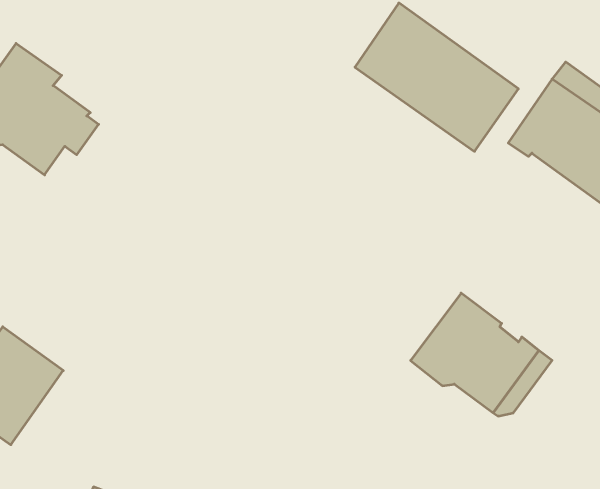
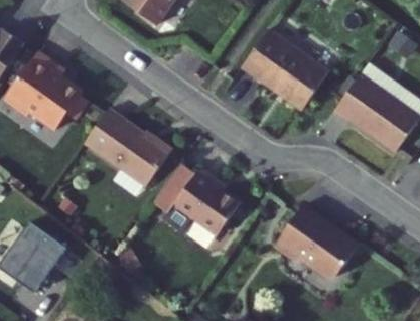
building: none -> [86,109,173,186]
building: none -> [155,164,241,237]

